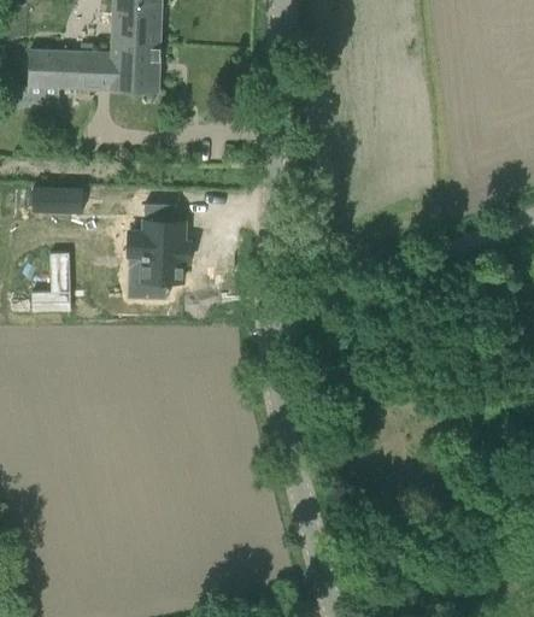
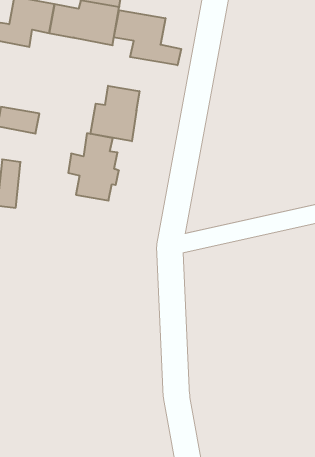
building: none -> [114,10,181,65]
building: none -> [90,86,139,141]

